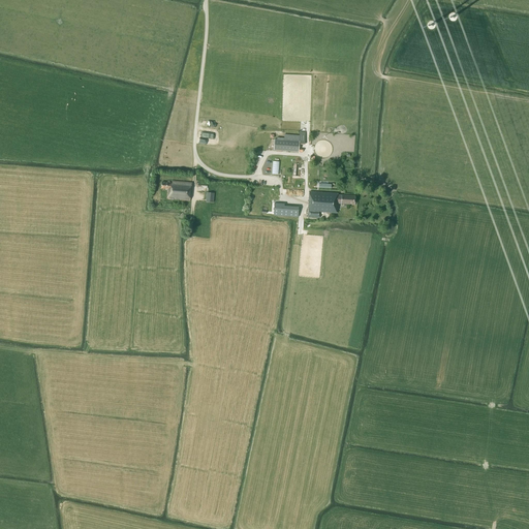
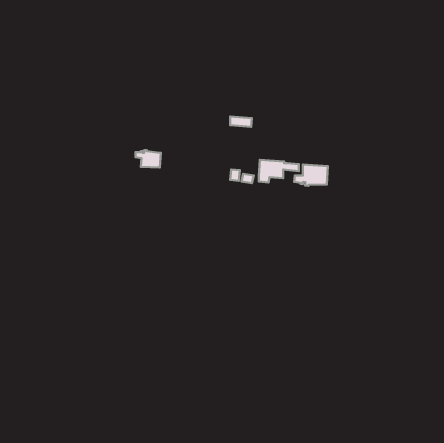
building: none -> [294,165,328,186]

